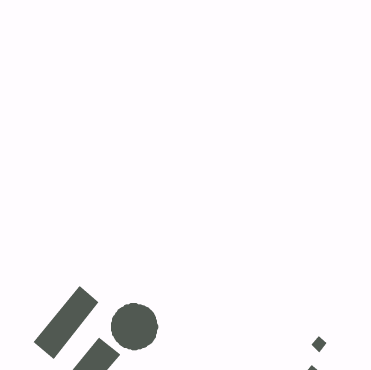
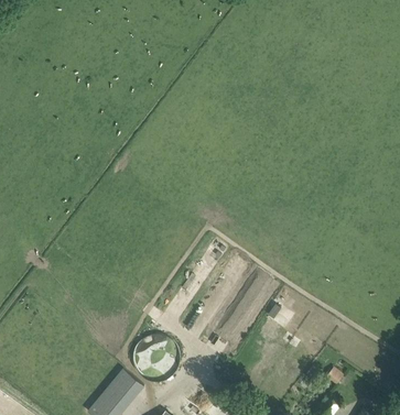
building: [33,285,99,360] -> none

